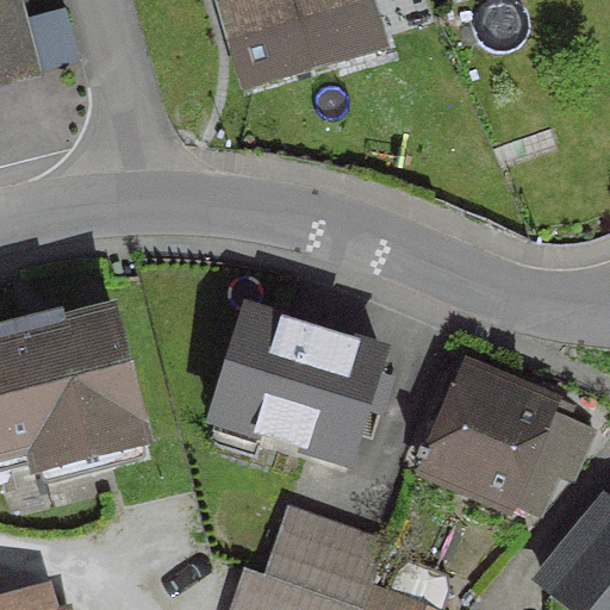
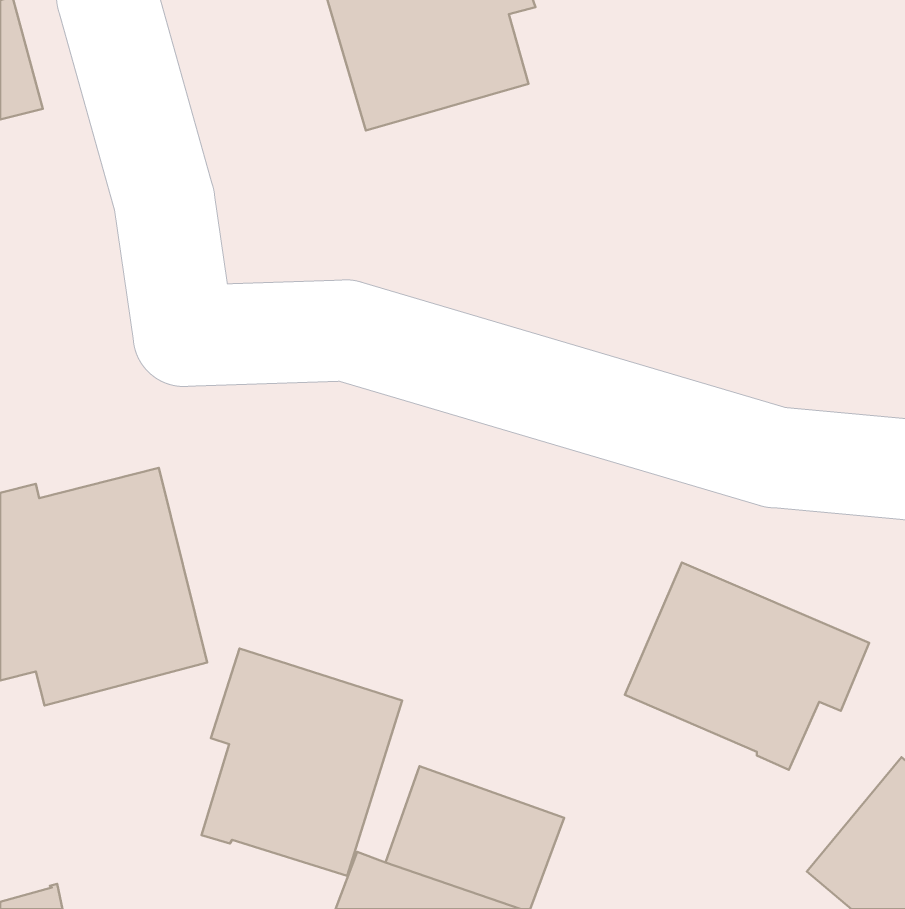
building: [211,313,380,458] -> none
building: none -> [202,648,402,876]

